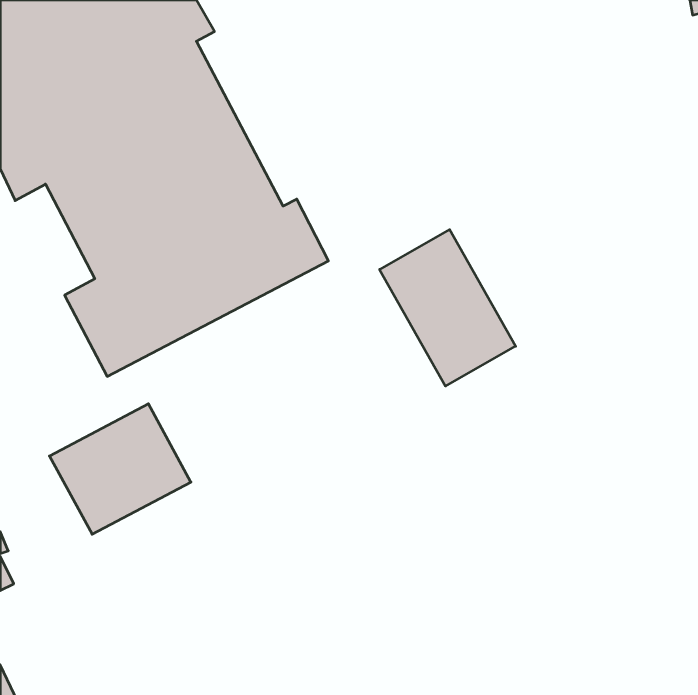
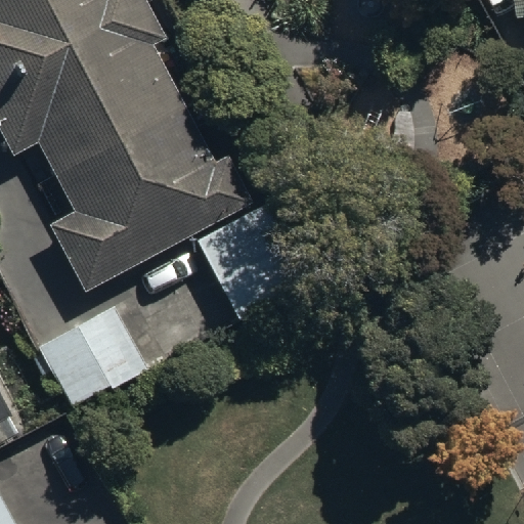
building: [380,230,516,386] -> [196,210,298,326]

